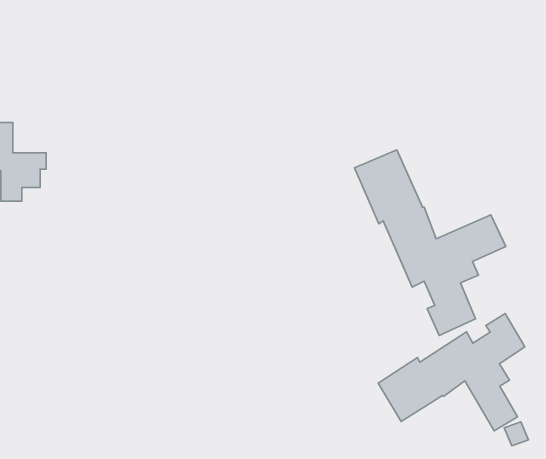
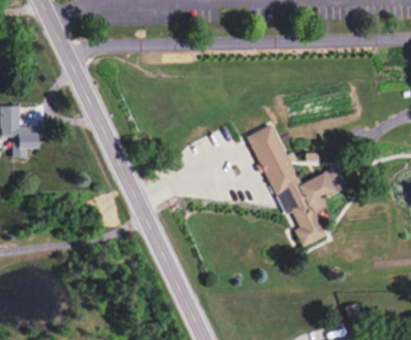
building: [378,313,525,431] -> none

